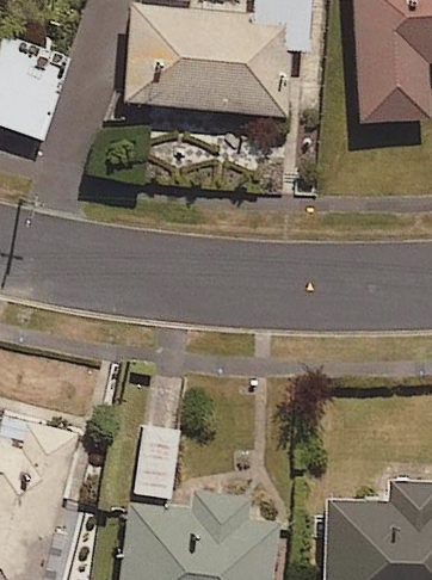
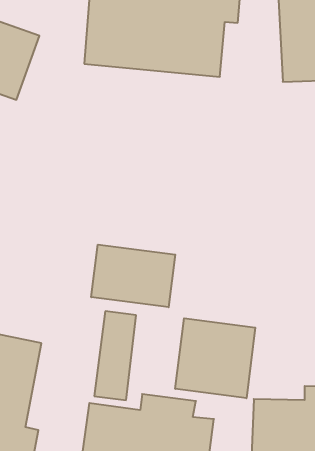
building: none -> [91,245,175,307]
building: none -> [175,318,255,398]

